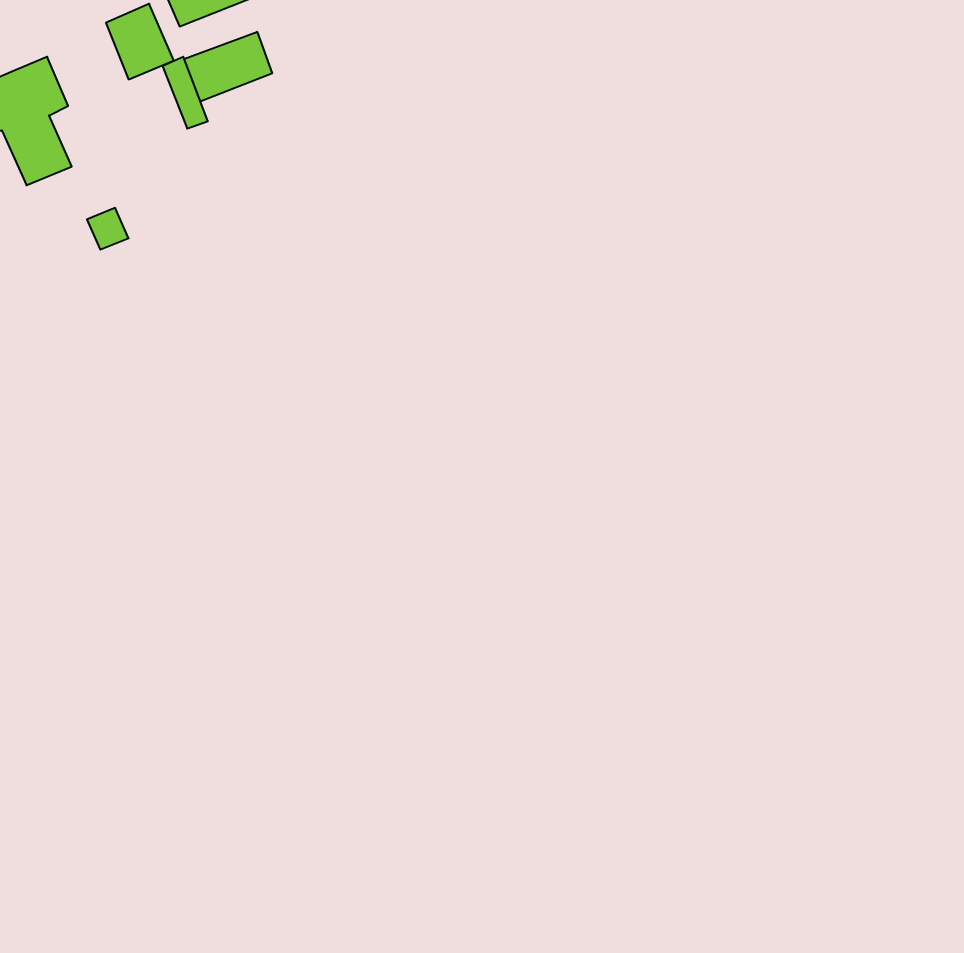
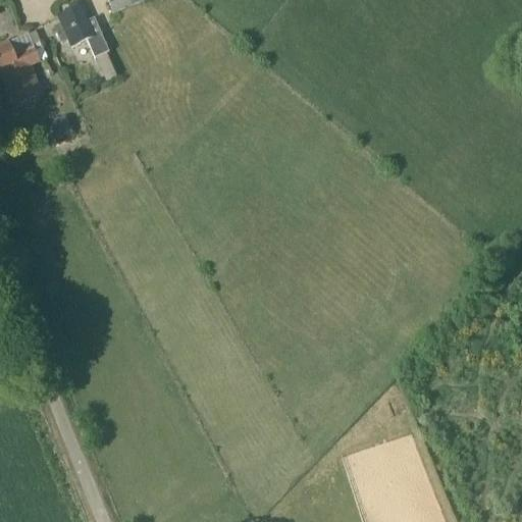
building: [184,32,272,102] -> none

